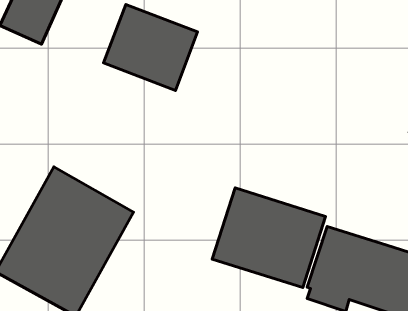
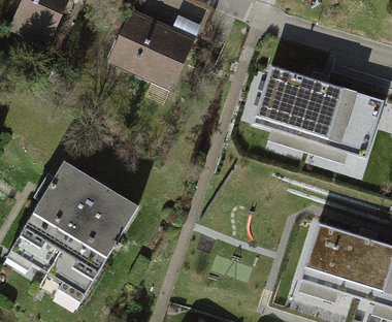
building: none -> [253,64,383,163]
building: [212,188,326,288] -> none

